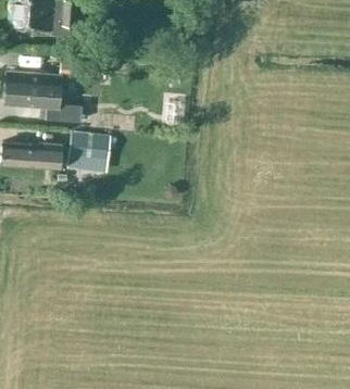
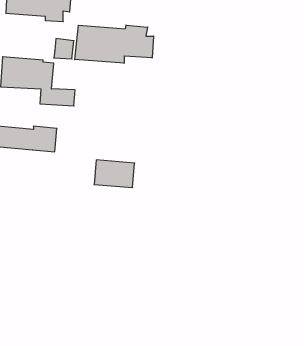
building: none -> [75,25,154,63]
building: [70,134,111,162] -> [94,160,135,188]

